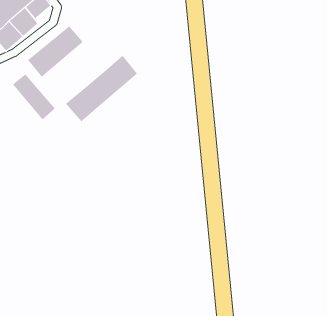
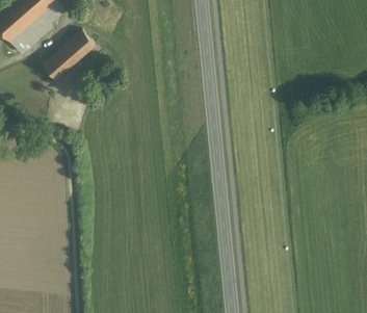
building: [65,55,138,122] -> none
building: [12,74,55,120] -> none

